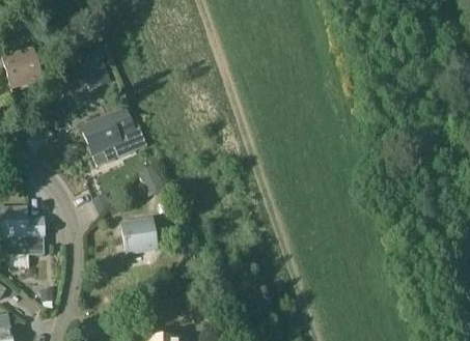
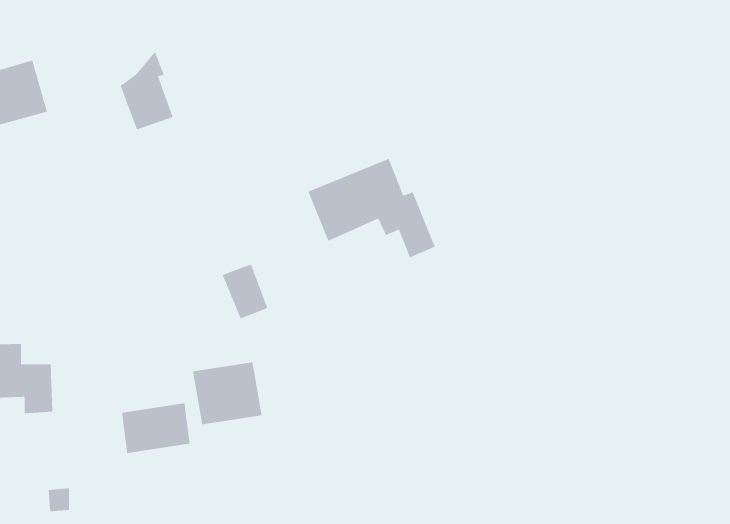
building: [80,108,151,164] -> [308,158,435,258]
building: none -> [122,403,190,454]

